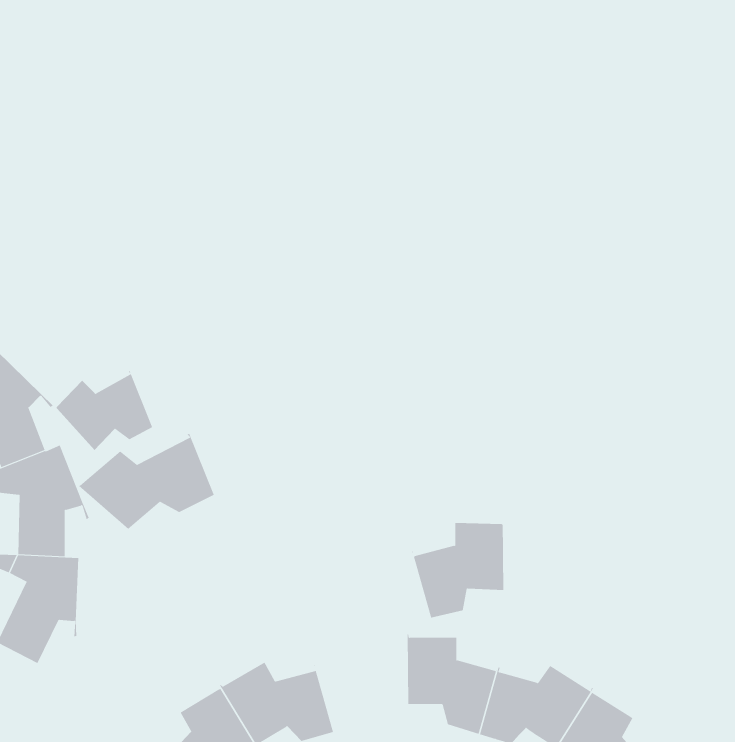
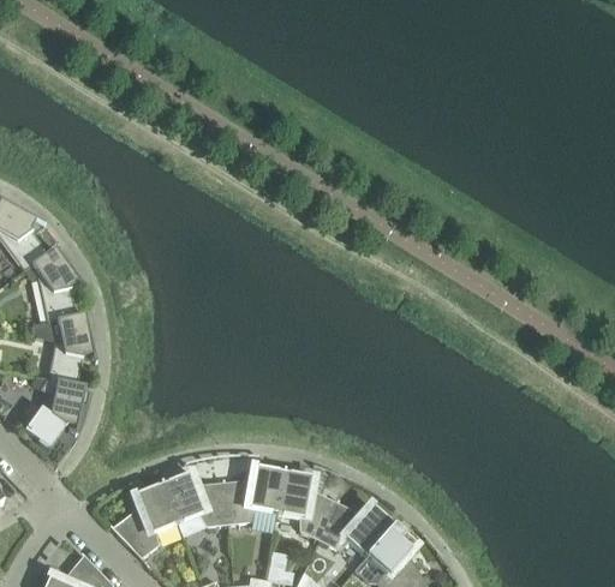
building: [53,370,153,451] -> none
building: [76,433,215,530] -> none
building: [412,520,504,618] -> [221,466,282,523]

